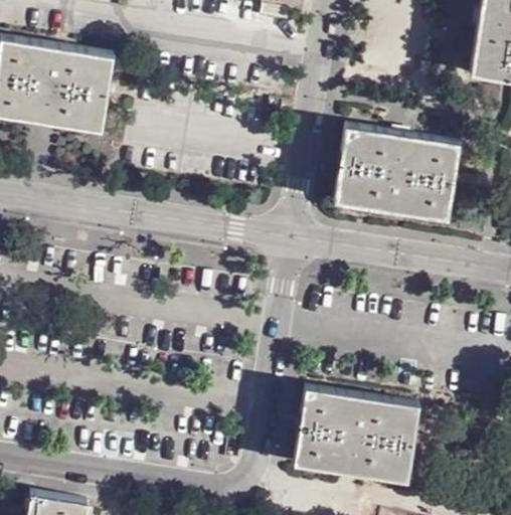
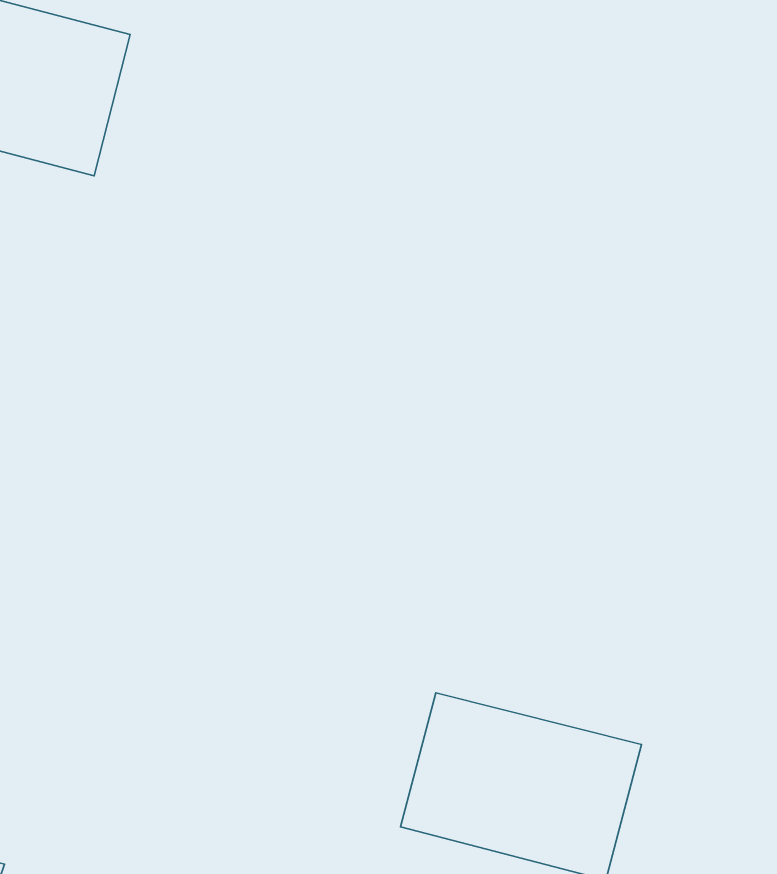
building: [336,126,461,219] -> none

